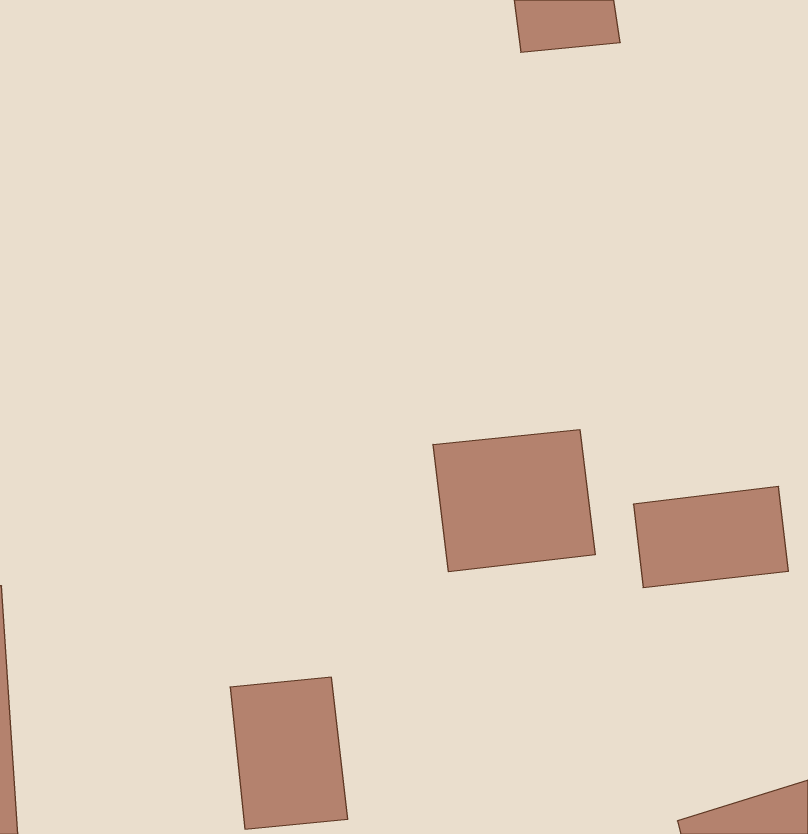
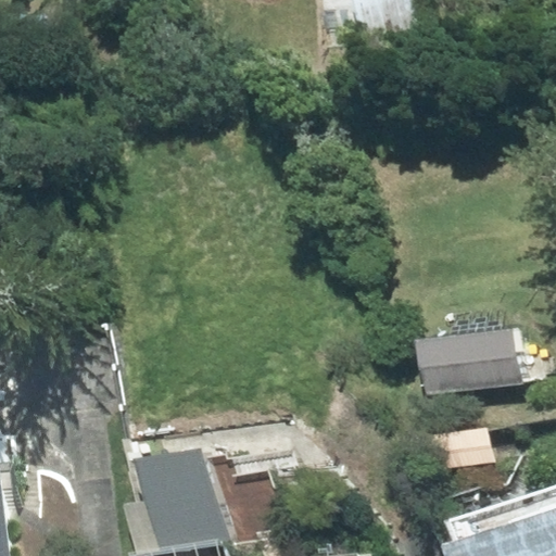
building: [433,430,595,572] -> none

